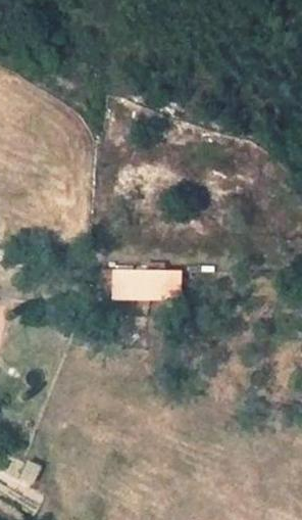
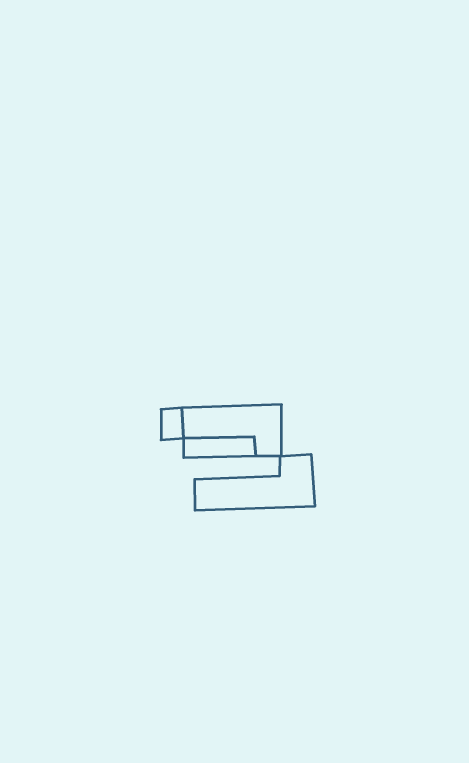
building: none -> [195,454,315,510]

